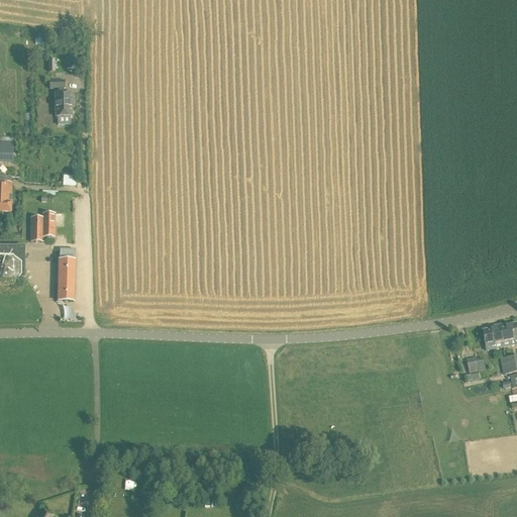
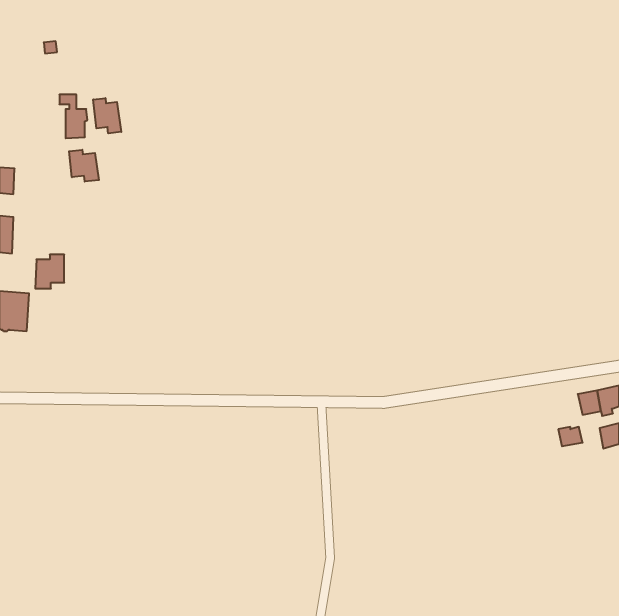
building: none -> [93,98,121,133]
building: none -> [69,150,99,182]
building: [58,247,75,300] -> none

